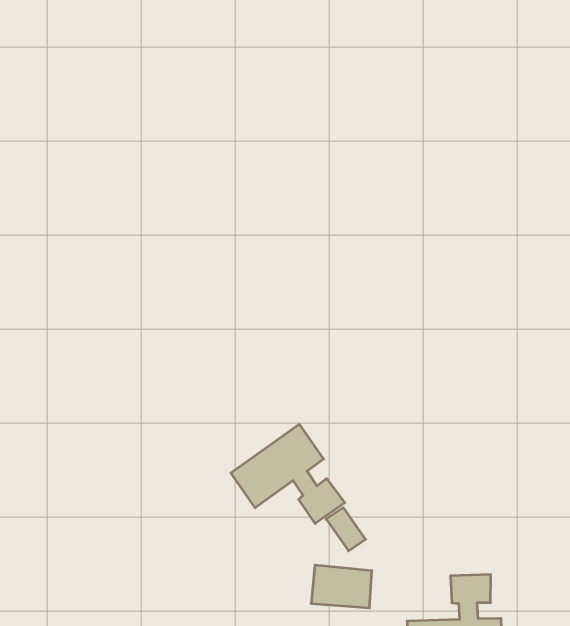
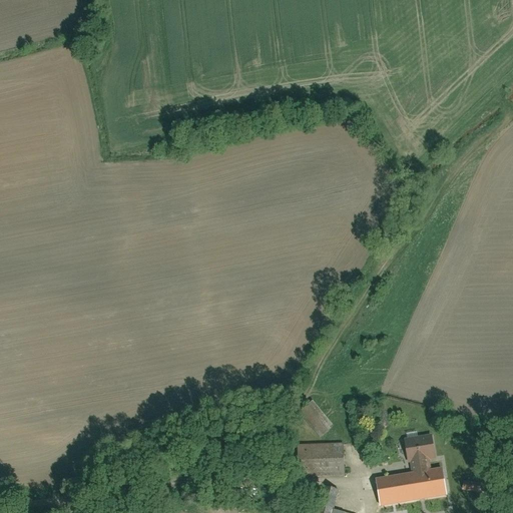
building: [231,424,345,524] -> none

